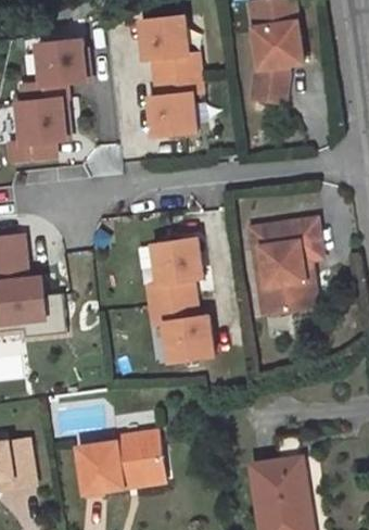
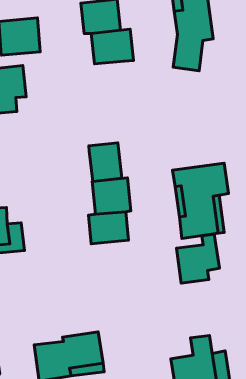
building: [144,91,193,135] -> none
building: none -> [89,143,122,181]
building: none -> [176,234,219,283]
building: [161,315,211,361] -> none

